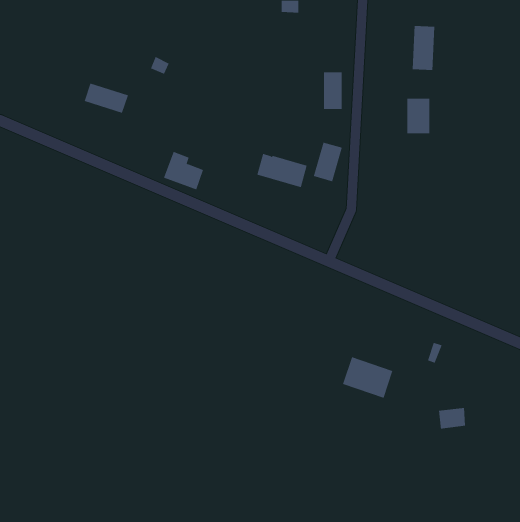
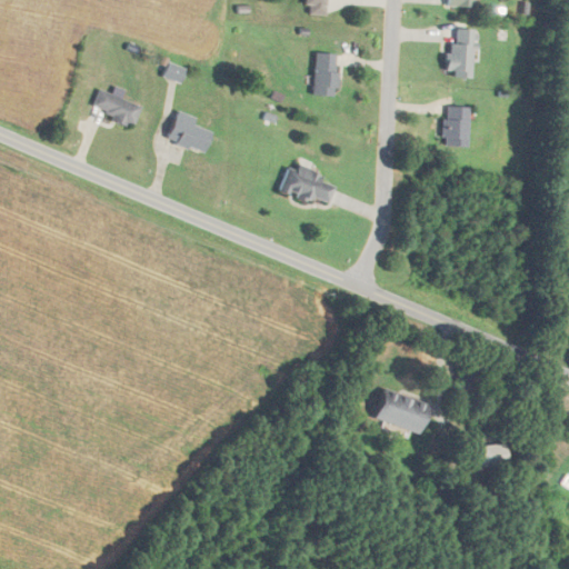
building: [323,72,343,110] -> [316,53,337,94]
building: [313,142,343,182] -> none
building: [163,151,204,190] -> [168,110,212,152]

